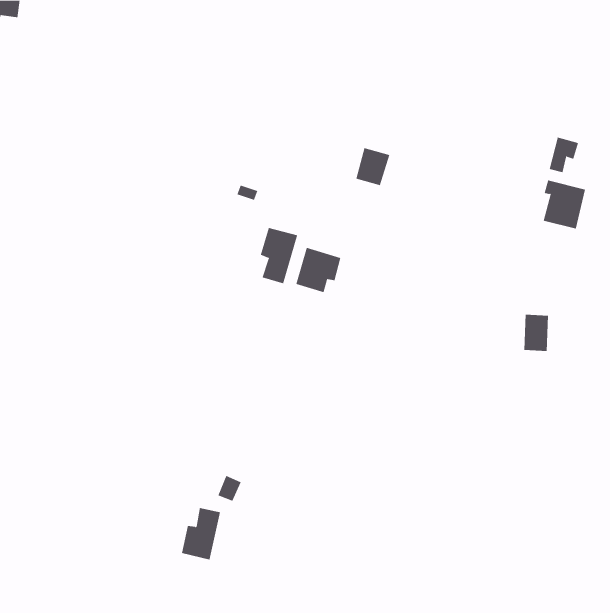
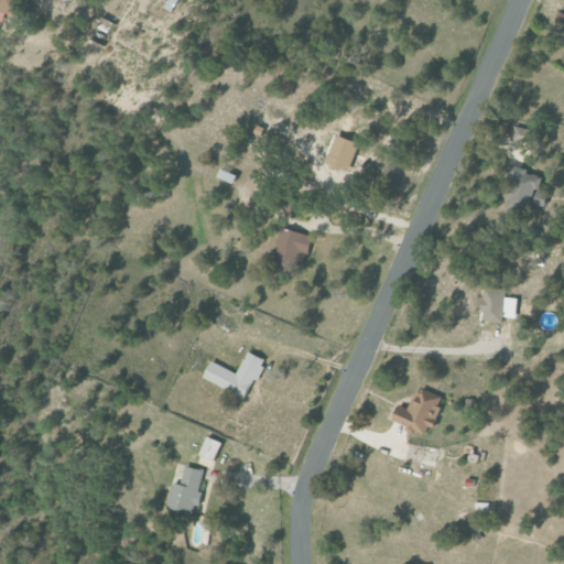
building: [260,227,298,284] -> none
building: none -> [203,351,264,399]
building: none -> [391,390,440,435]

